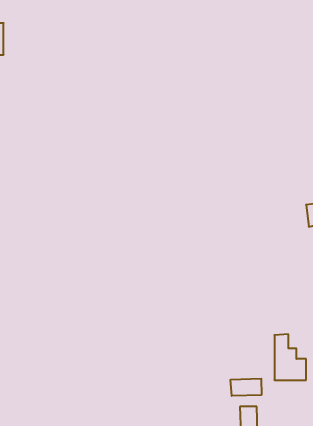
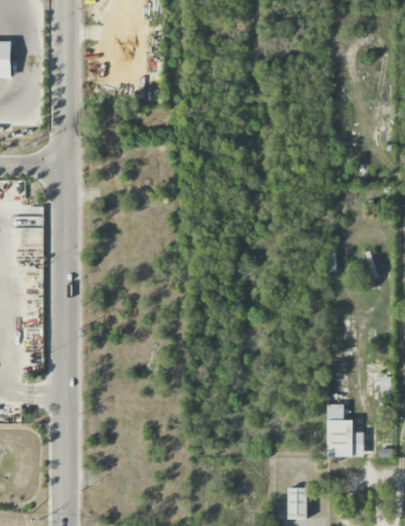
building: [231,379,261,396] -> none

